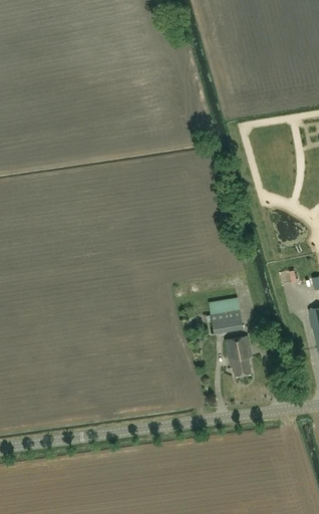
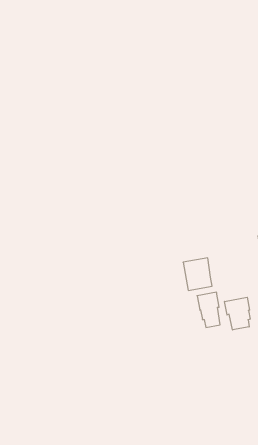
building: none -> [225,297,250,330]

